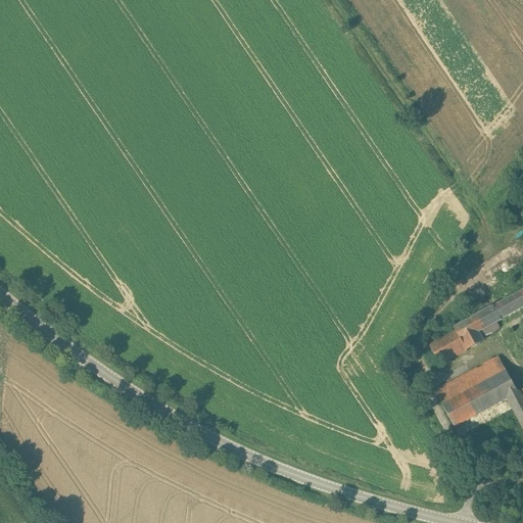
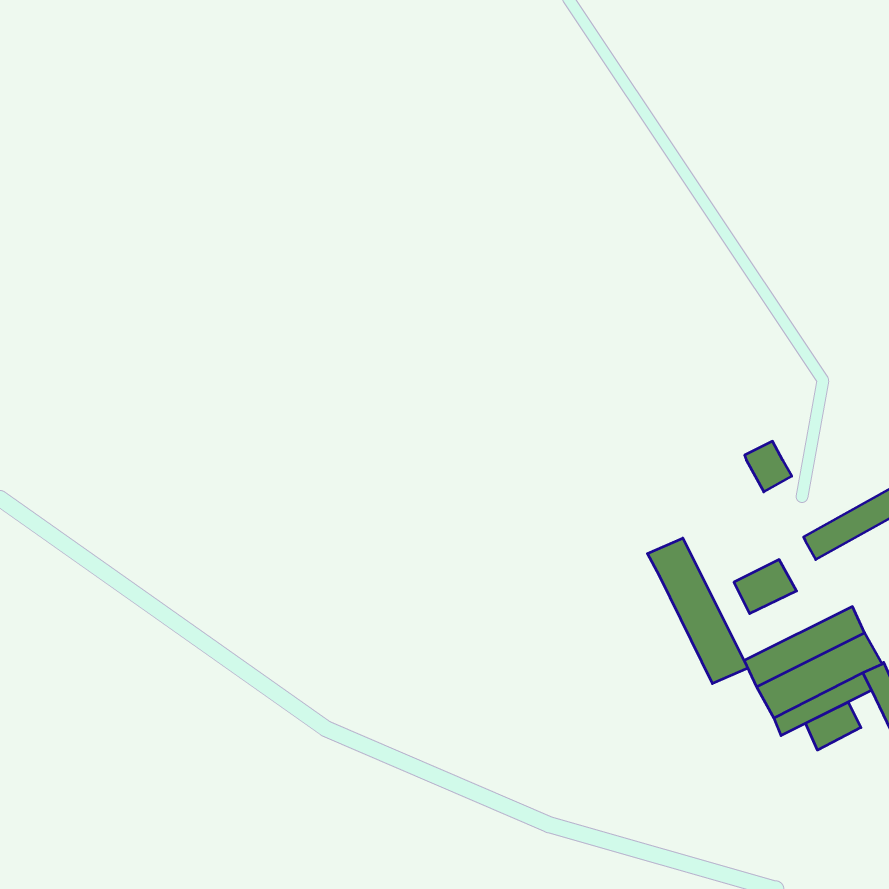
building: none -> [647,538,748,684]
building: [457,317,484,346] -> [745,441,792,492]
building: none -> [806,702,861,750]

